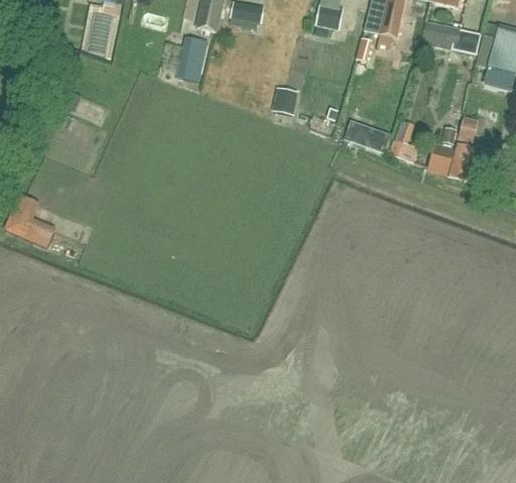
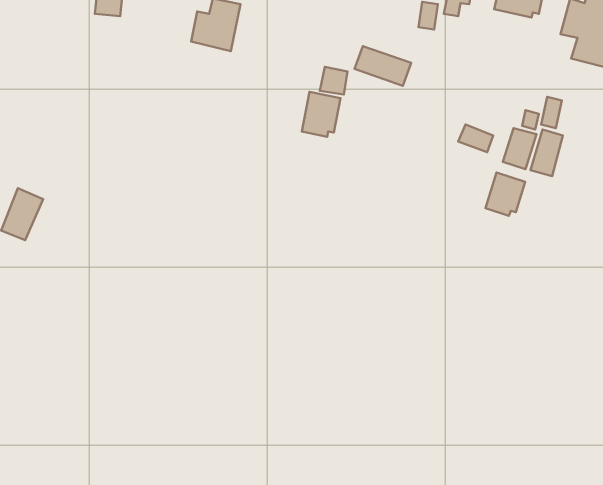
building: none -> [302,92,340,137]
building: [345,120,392,153] -> [355,46,411,86]
building: none -> [485,173,525,216]

